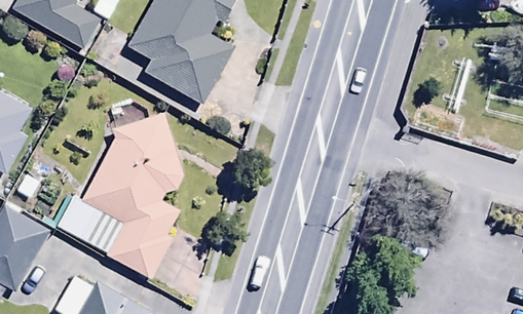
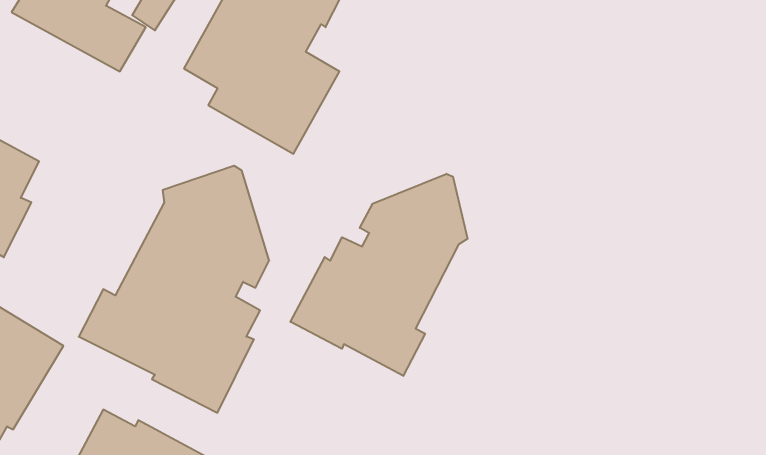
building: none -> [290,174,467,376]

